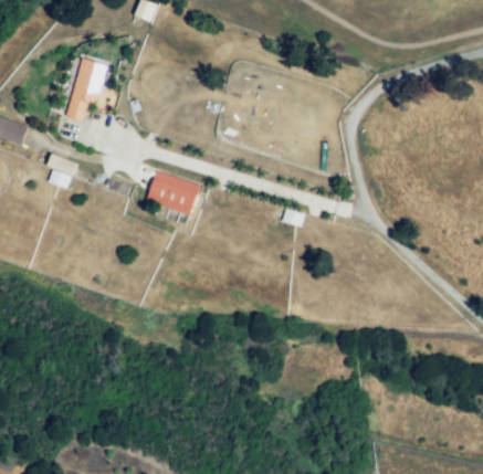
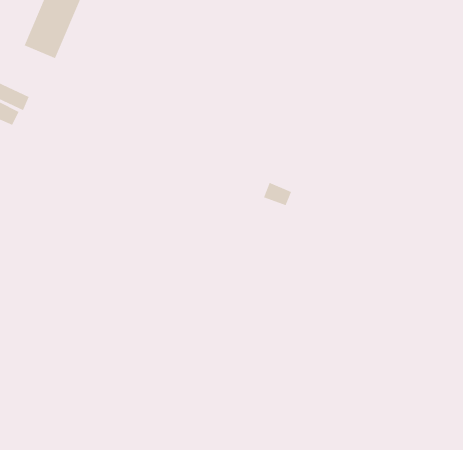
building: [156,171,191,213] -> none

